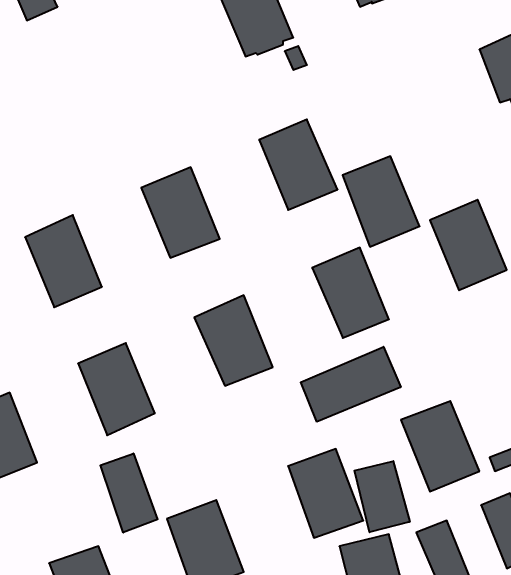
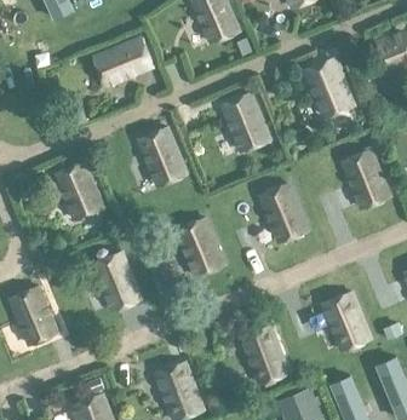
building: none -> [90,35,153,90]
building: [343,156,420,247] -> [300,56,355,120]
building: [301,347,401,422] -> none
building: [100,453,158,533] -> none
building: [354,461,410,532] -> none

